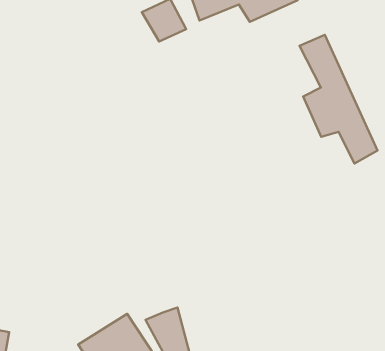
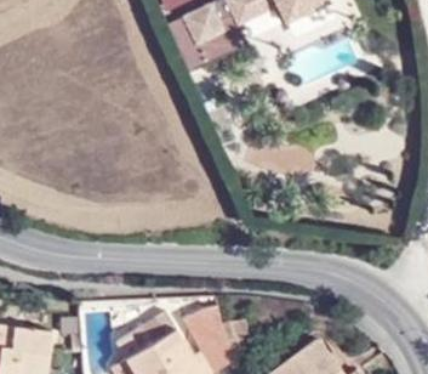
building: [300,35,378,164] -> none

